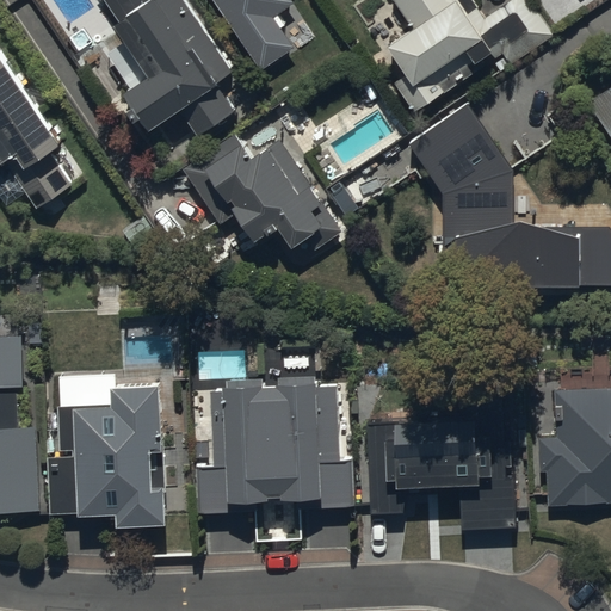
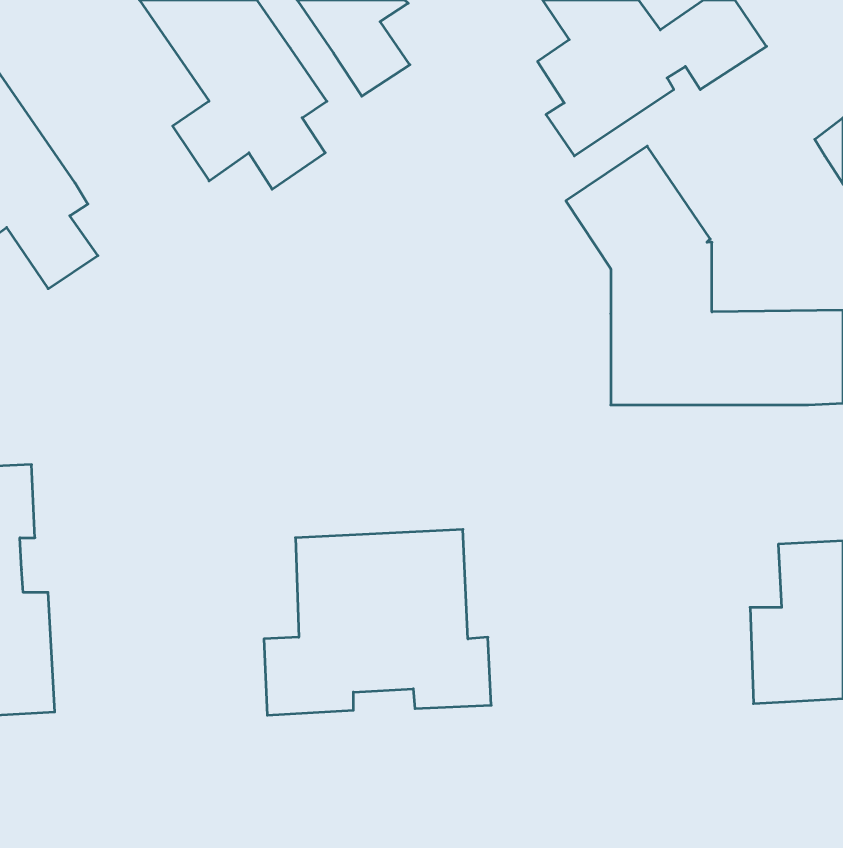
building: [181,132,341,251] -> none
building: [49,384,165,526] -> none
building: [369,395,519,531] -> none

